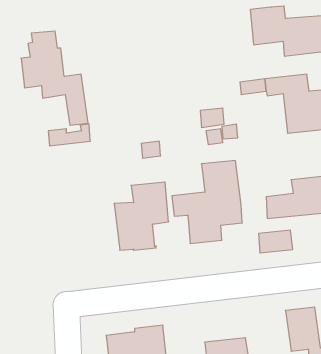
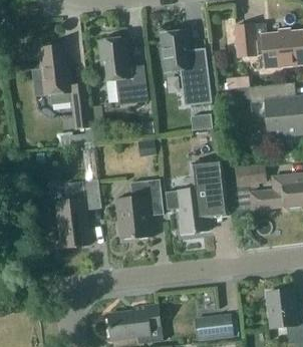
building: none -> [160,30,212,105]
building: none -> [98,37,147,104]
building: none -> [55,180,100,247]
building: [259,230,293,253] -> [236,164,266,185]

